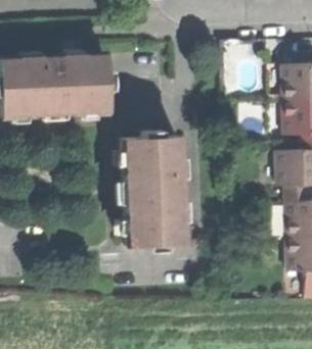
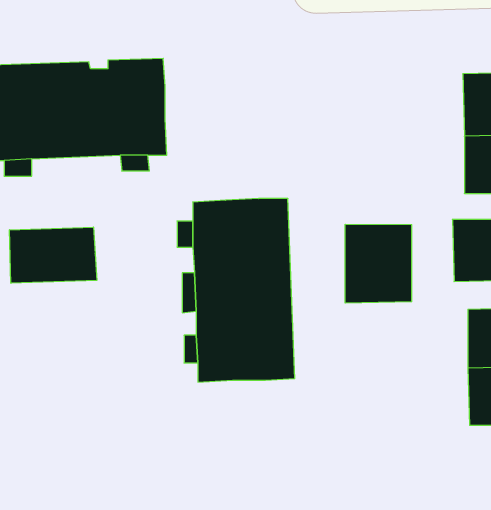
building: none -> [345,224,412,303]
building: none -> [10,227,97,283]

